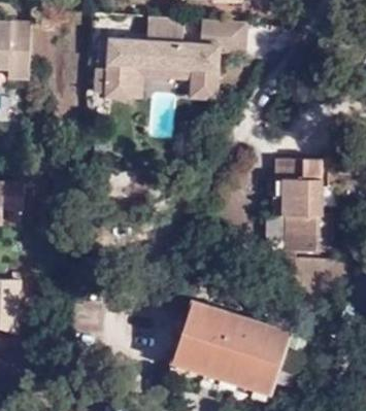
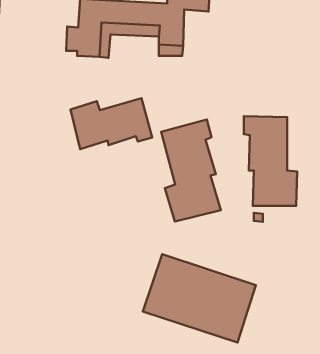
building: none -> [70,98,152,149]
building: none -> [161,119,221,221]

